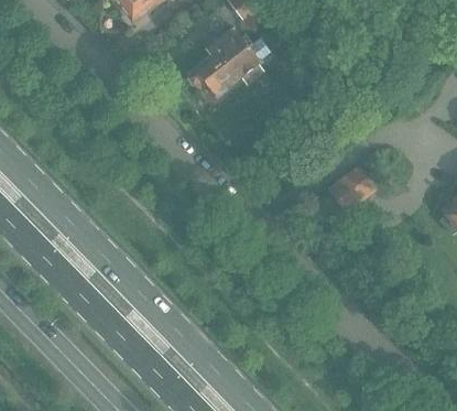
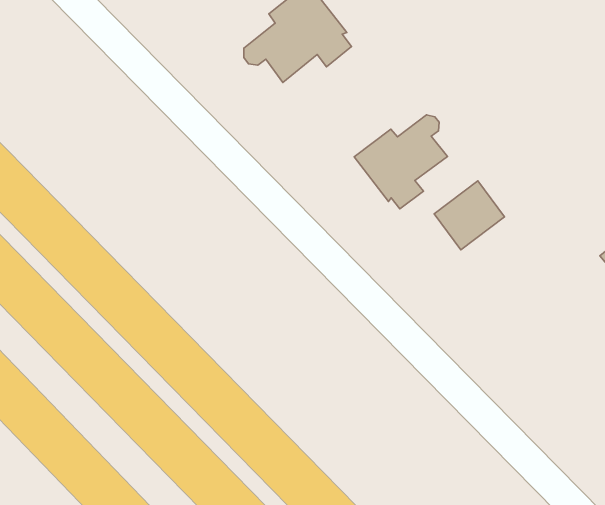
building: none -> [354,115,447,209]

